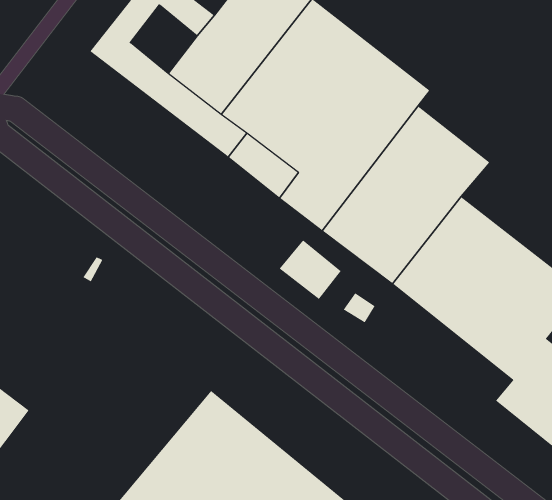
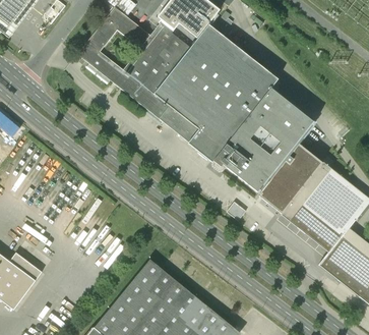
building: [279,239,342,300] -> none

